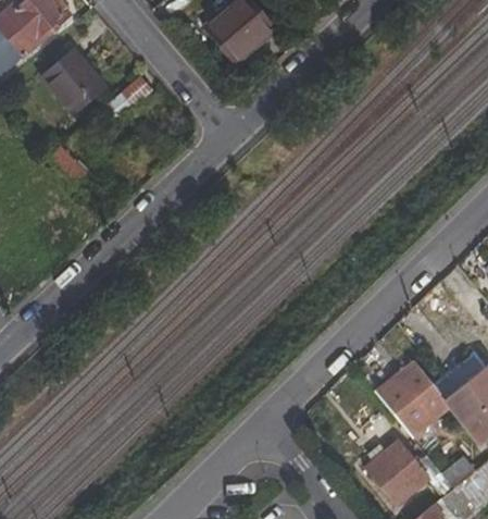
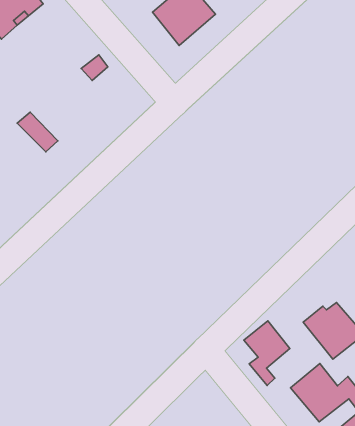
building: [40,47,102,111] -> none
building: none -> [244,321,290,386]

